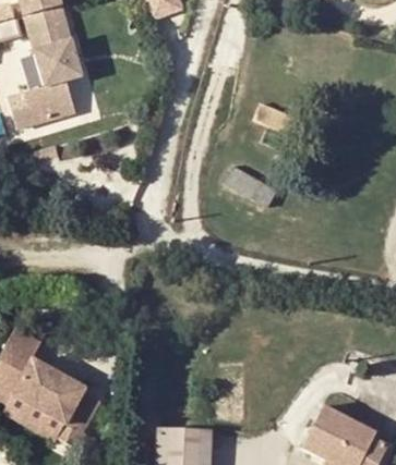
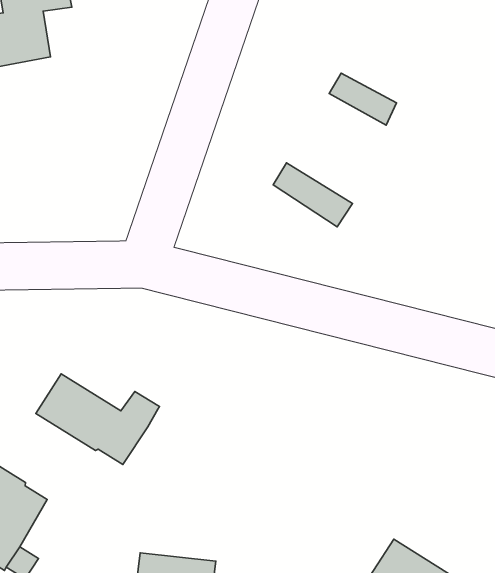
building: none -> [36,374,159,465]

